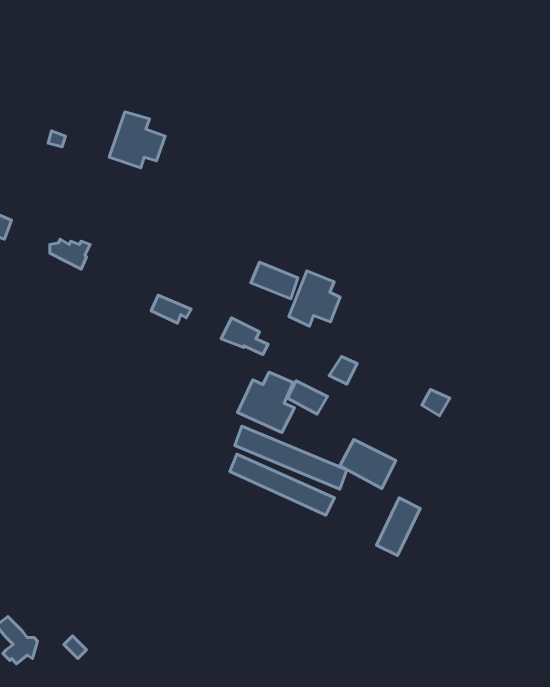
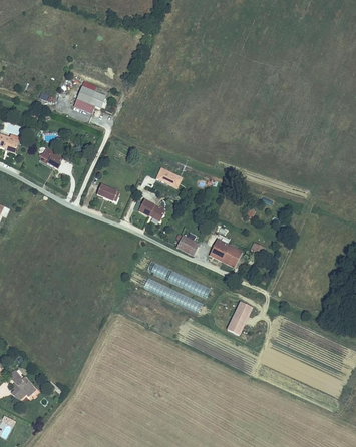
building: [289,271,340,326] -> none
building: [238,372,294,432] -> none
building: [340,440,396,489] -> [210,238,242,266]

